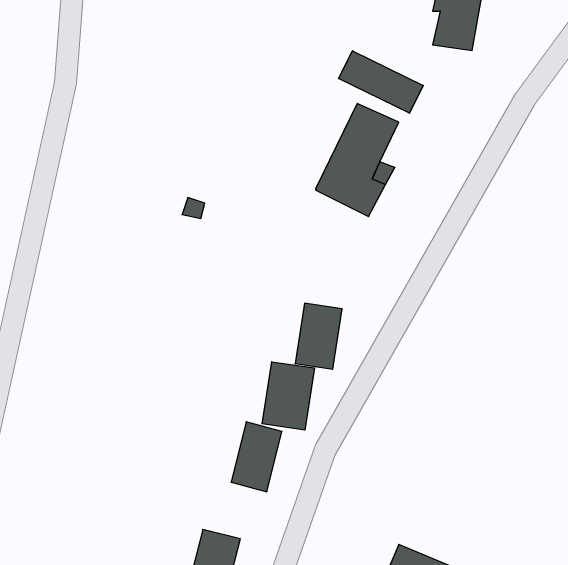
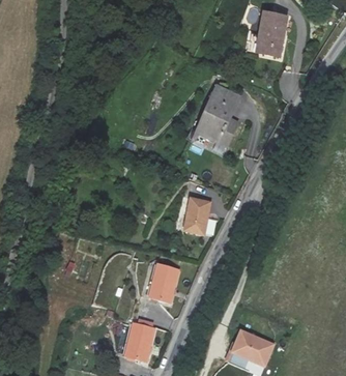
building: [339,51,423,113] -> none
building: [262,362,314,430] -> none

